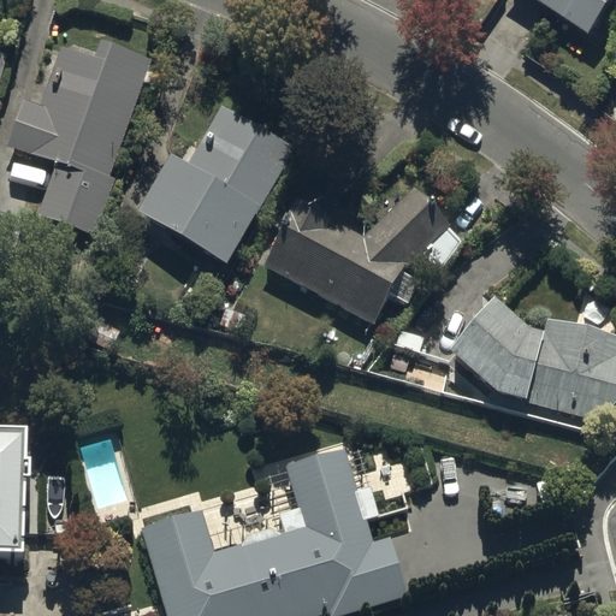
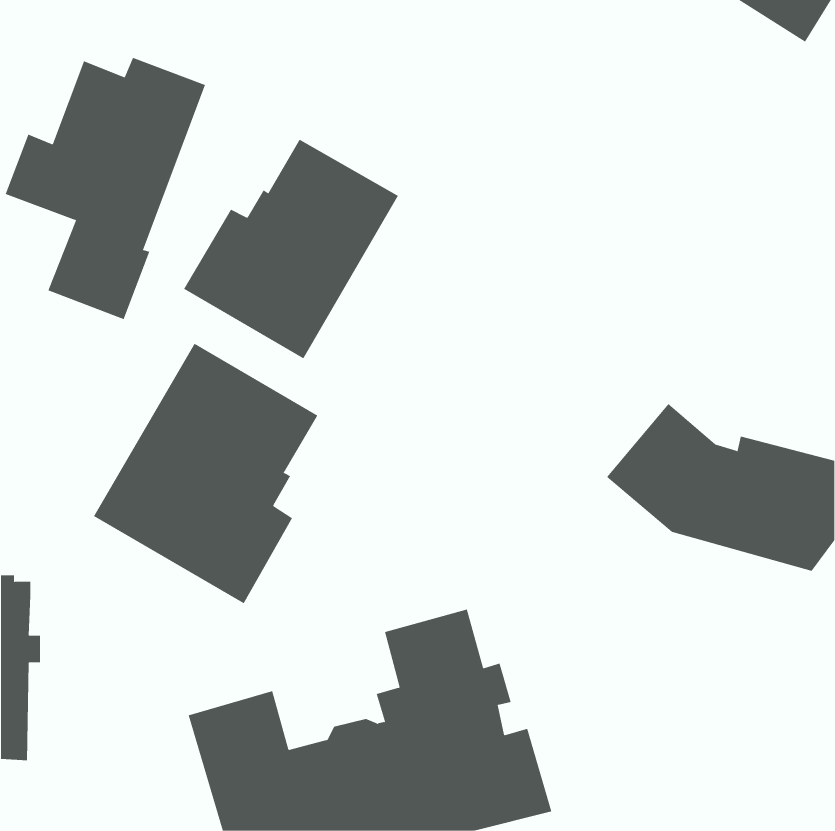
building: [261,188,461,324] -> none
building: none -> [93,343,318,604]

